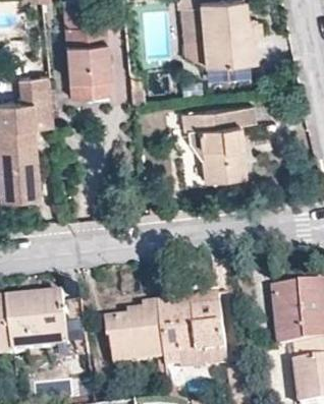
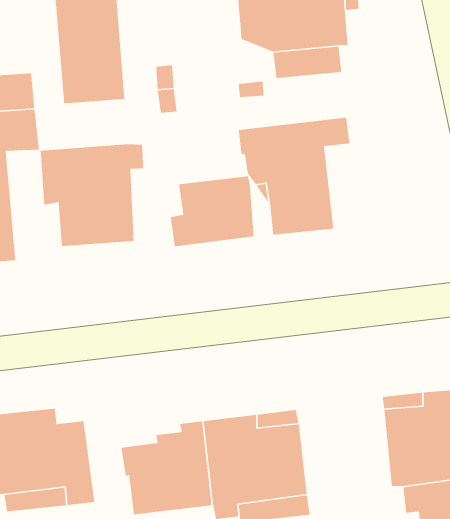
building: none -> [40,144,144,247]
building: none -> [170,176,254,247]

